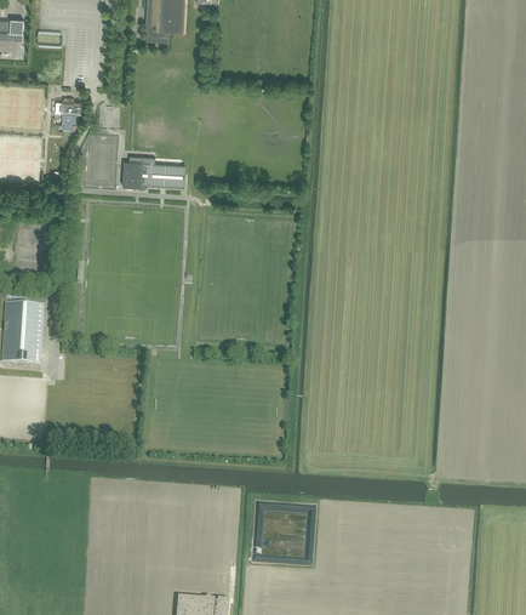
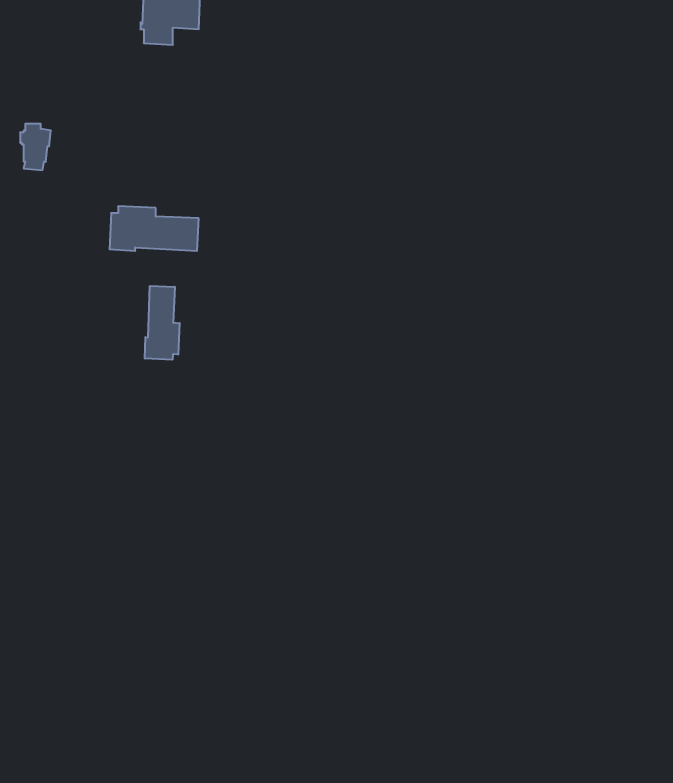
building: none -> [145,286,180,360]

